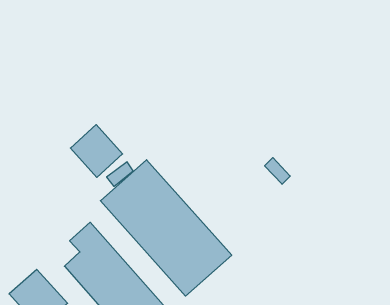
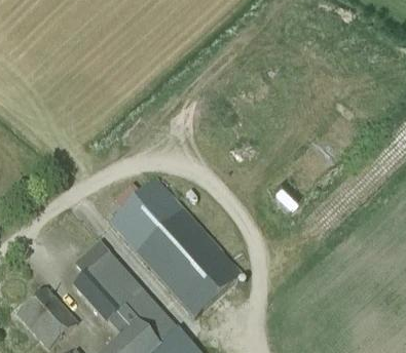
building: [70,125,123,177] -> none

